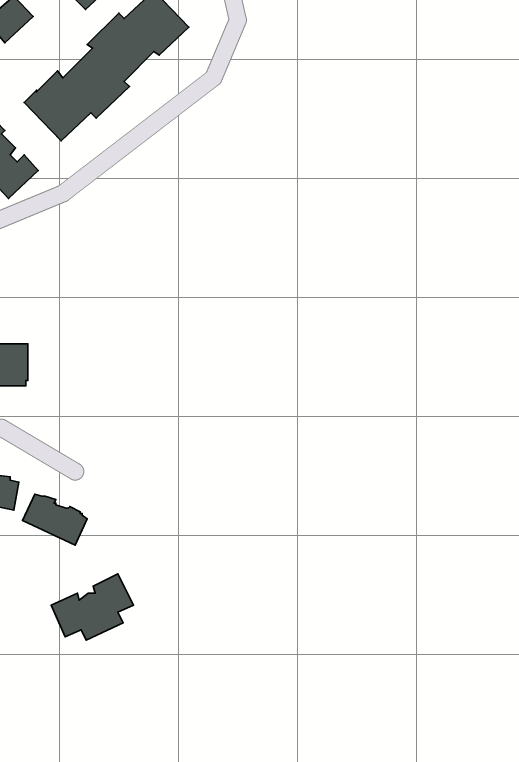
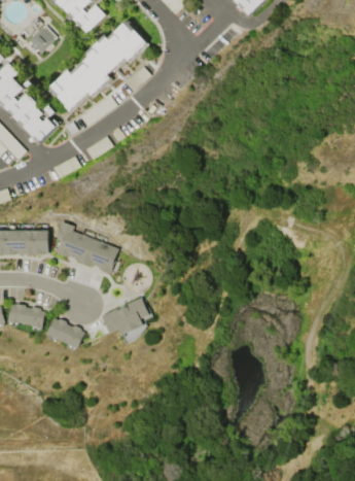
building: none -> [57,220,118,274]
building: [51,574,134,640] -> [103,297,151,336]

